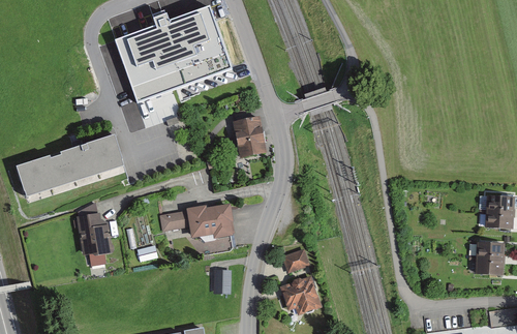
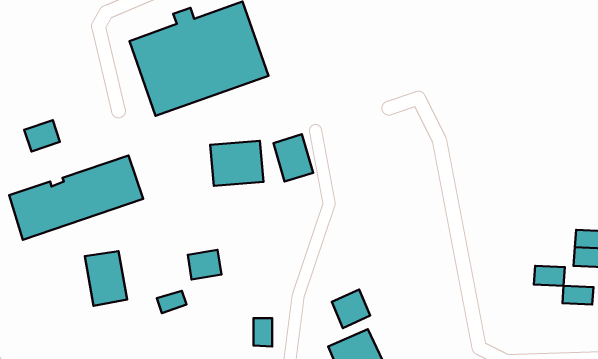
building: none -> [24,120,60,152]
building: [192,203,237,240] -> [210,141,264,186]
building: [475,256,500,273] -> [534,266,565,286]

